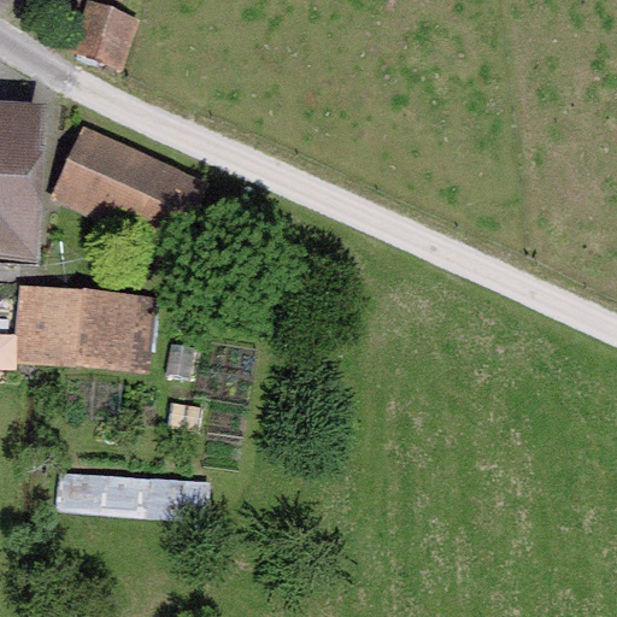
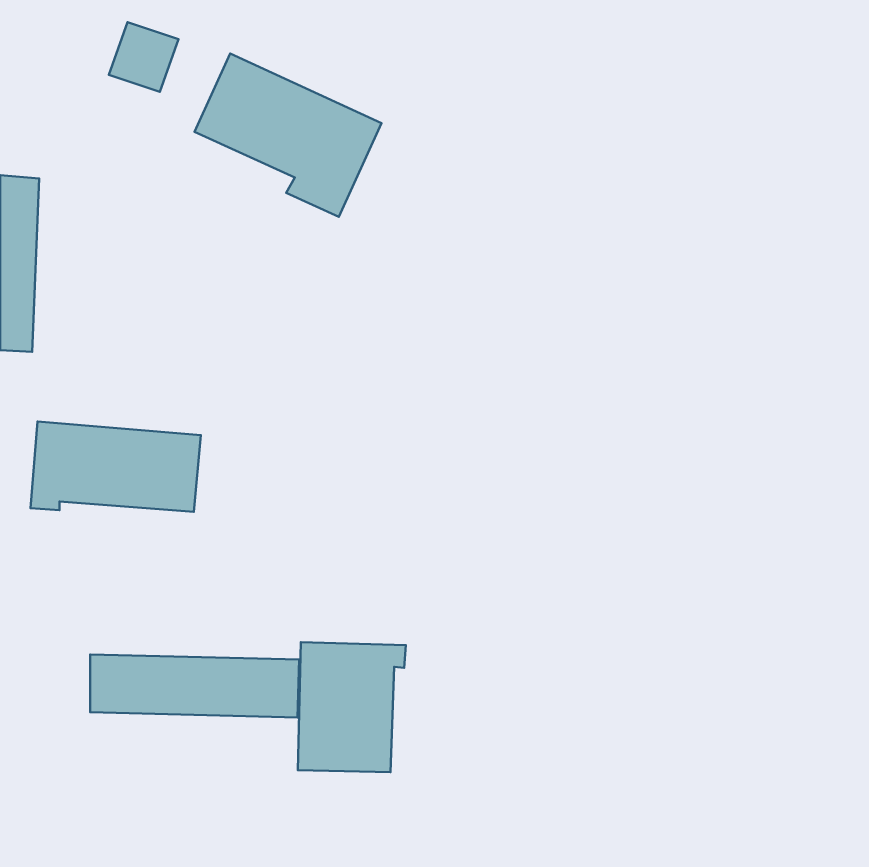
building: [61,140,194,255] -> [194,54,381,217]
building: none -> [298,642,406,772]

